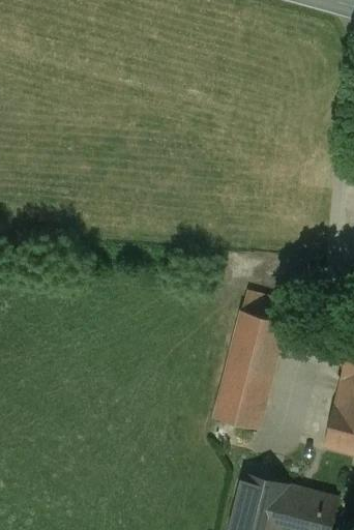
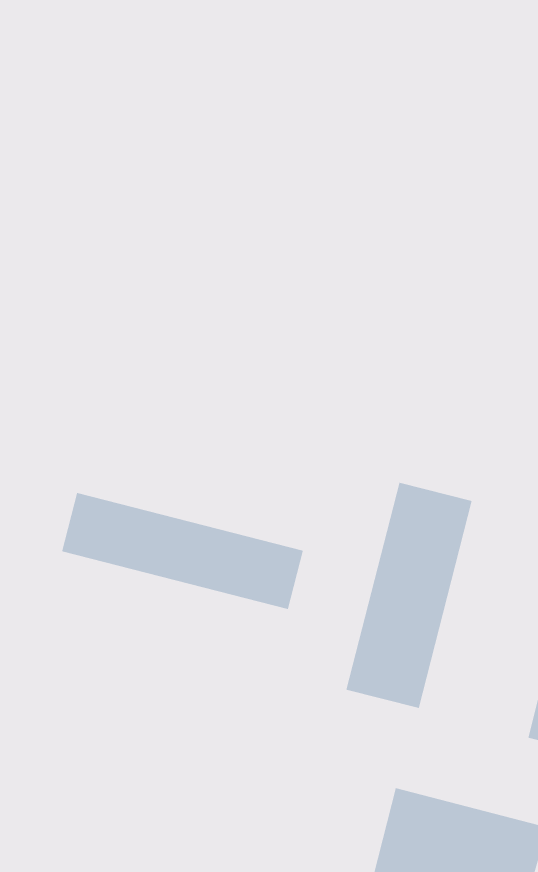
building: none -> [62,492,304,610]

